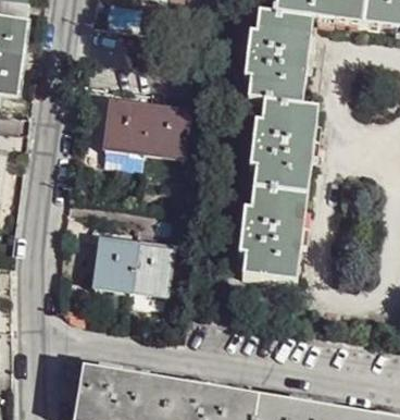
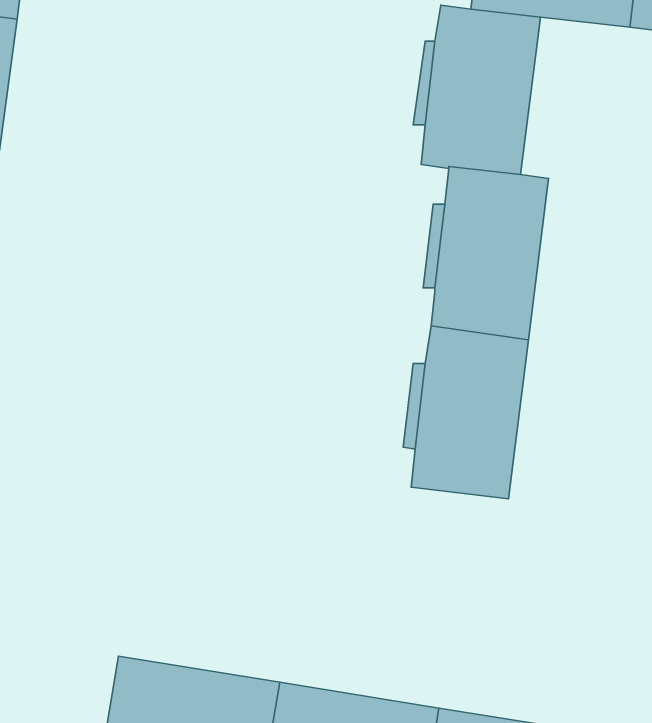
building: [101,97,211,166] -> none
building: [93,236,172,293] -> none

